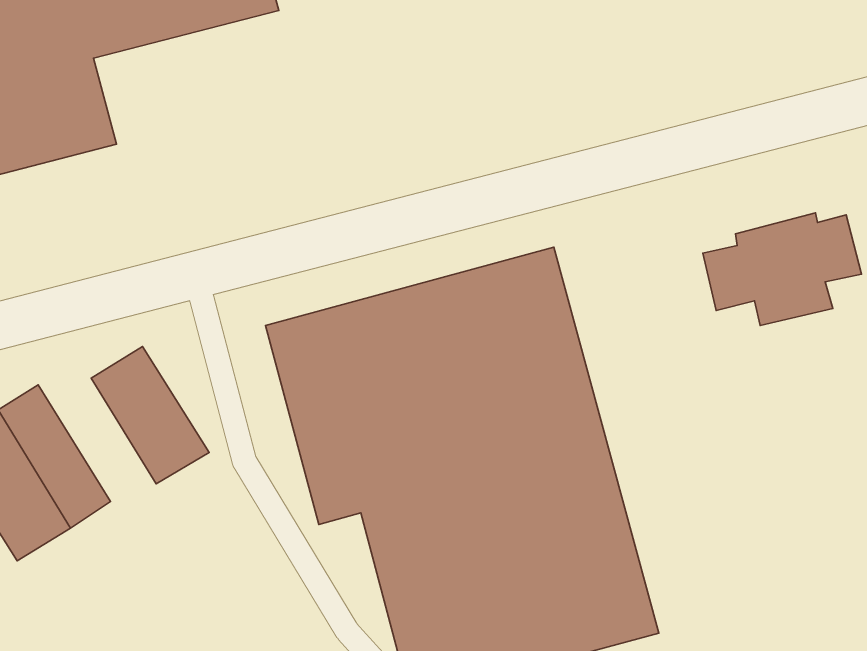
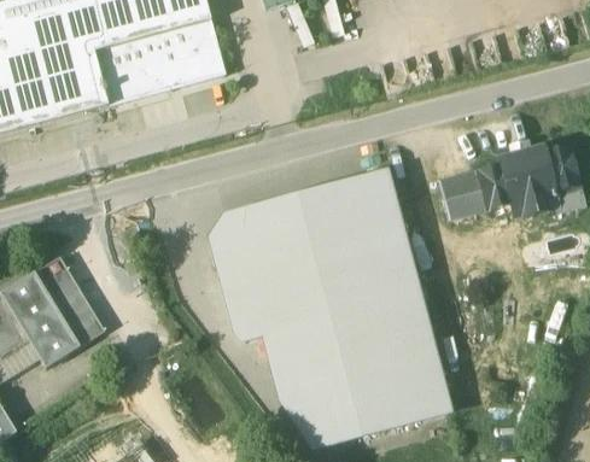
building: none -> [94,18,224,103]
building: none -> [443,171,487,216]
building: [91,347,209,484] -> none

